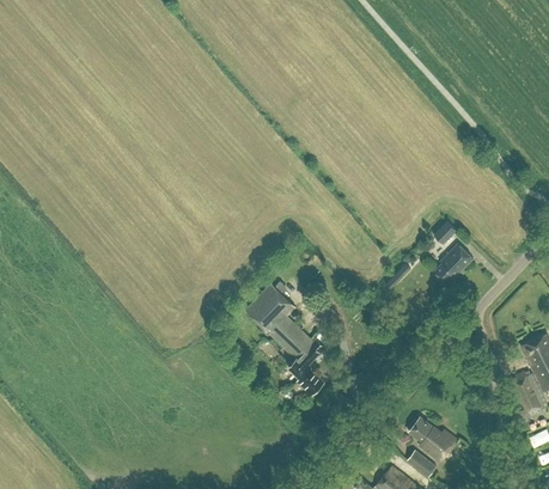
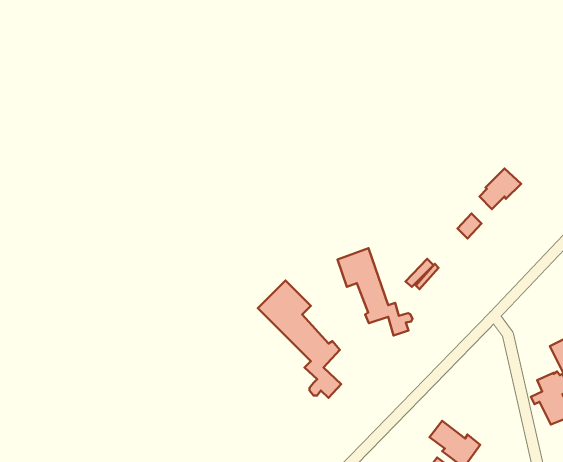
building: [434,244,474,282] -> [479,169,521,209]
building: none -> [338,248,412,335]

